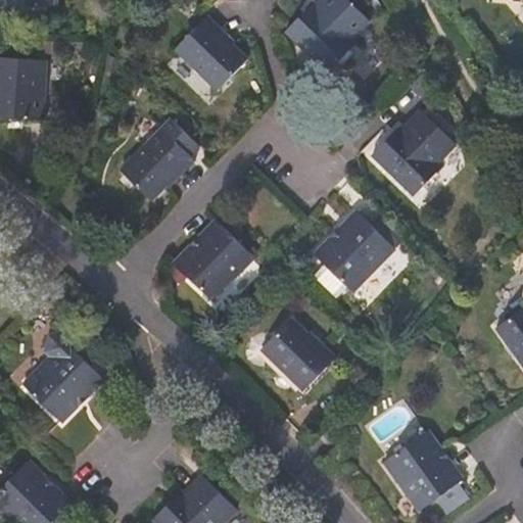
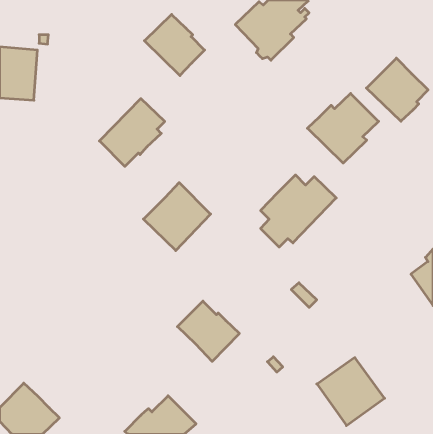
building: none -> [366,58,428,121]
building: [260,319,335,391] -> [177,301,239,361]
building: [22,332,104,422] -> none

